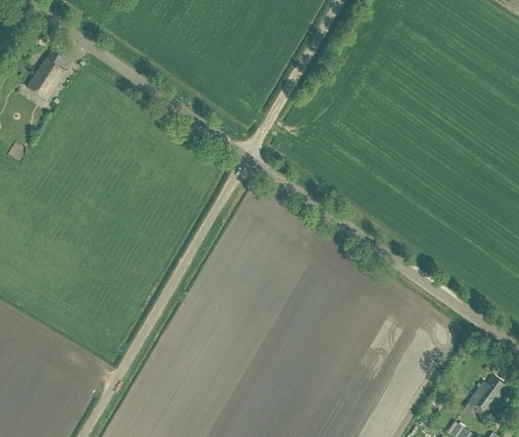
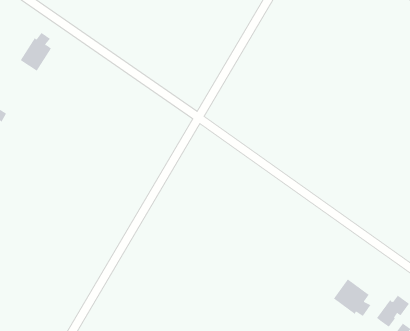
building: none -> [333,278,371,317]

